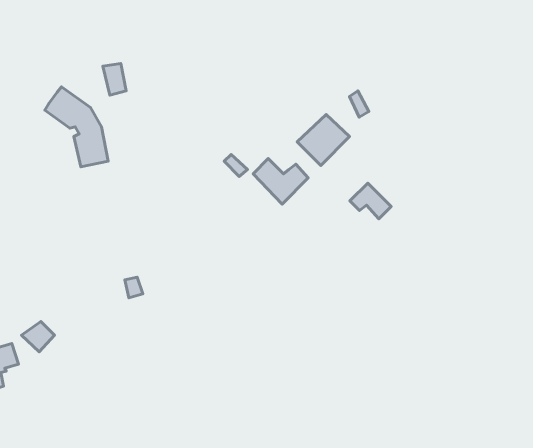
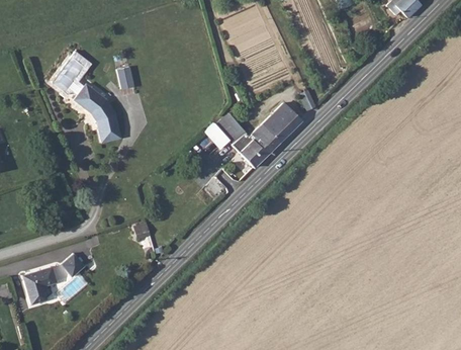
building: none -> [54,52,94,95]
building: none -> [212,116,240,145]
building: [350,183,391,219] -> [249,123,279,150]

